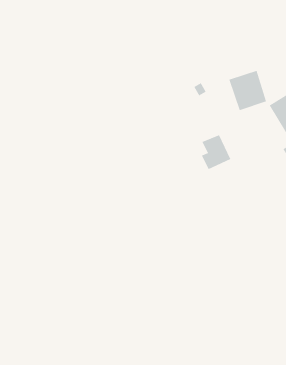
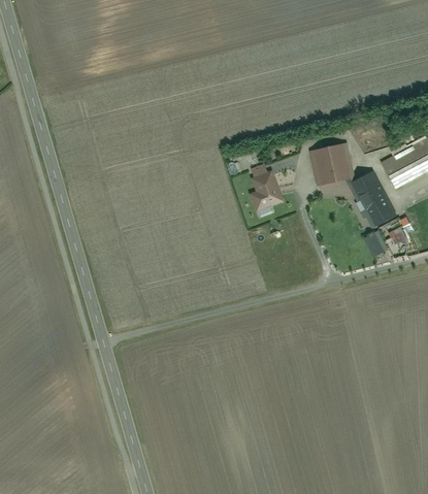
building: [201,135,231,170] -> [250,171,284,210]

